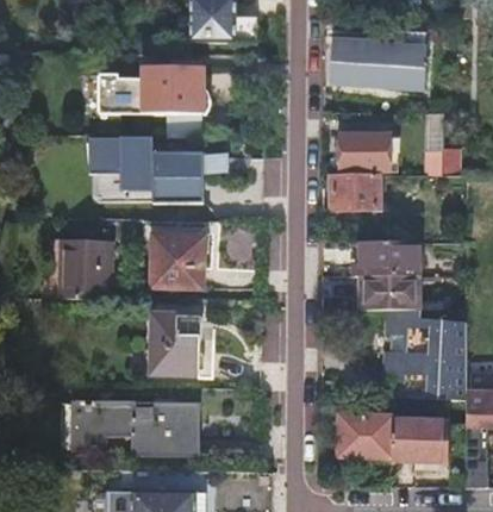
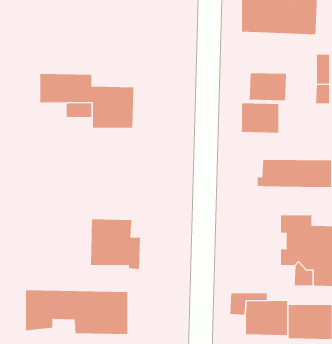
building: [98,70,202,137] -> none
building: [65,236,119,298] -> none
building: [151,236,200,286] -> none
building: [360,274,430,308] -> none

